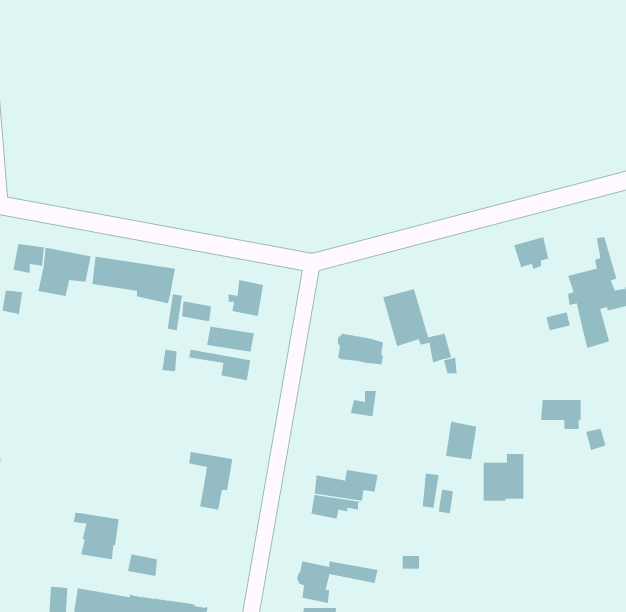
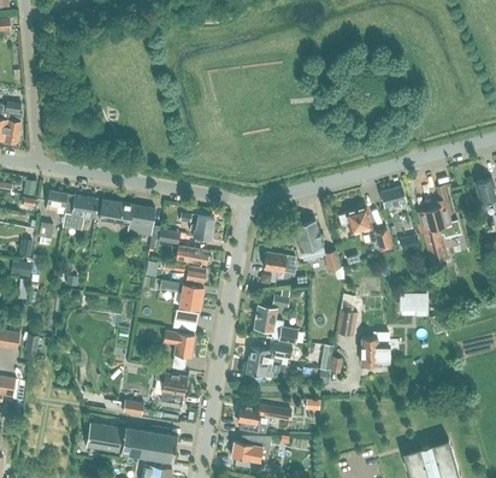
building: none -> [338,206,390,252]
building: none -> [159,281,203,331]
building: none -> [253,306,303,344]
building: [73,512,120,560] -> [155,372,187,405]

